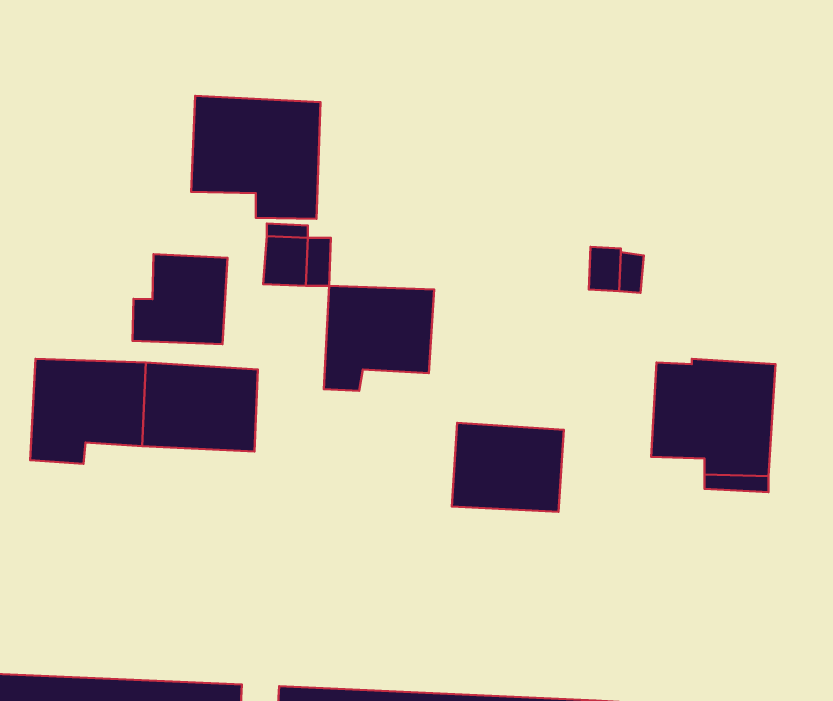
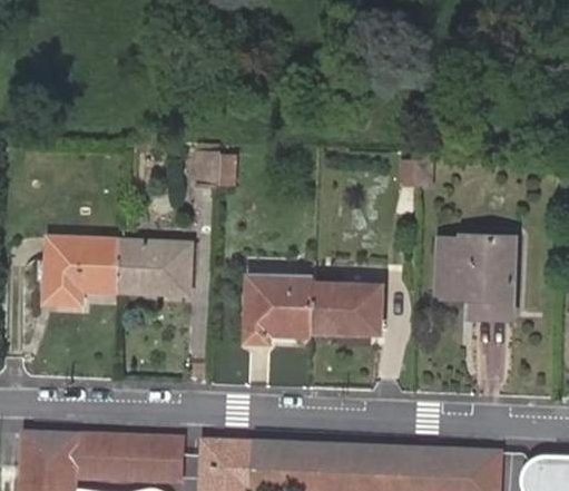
building: [191,96,320,219] -> none
building: [133,254,228,344] -> none
building: [324,286,434,391] -> [245,274,314,340]

